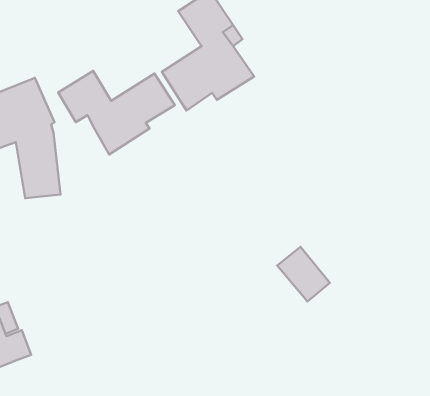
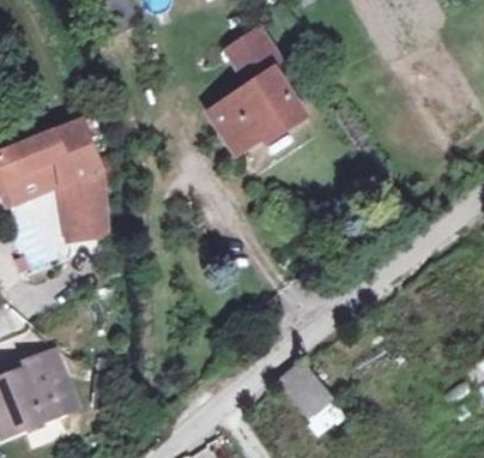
building: [58,71,175,155] -> none
building: [277,247,330,302] -> [279,358,333,415]

